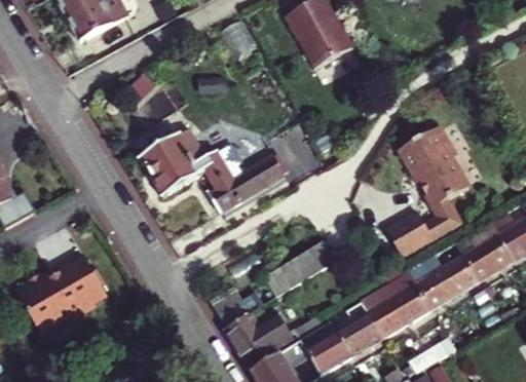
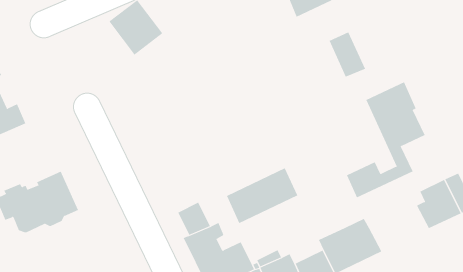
building: none -> [329,31,366,77]
building: [137,124,277,216] -> none
building: [418,257,481,309] -> none

